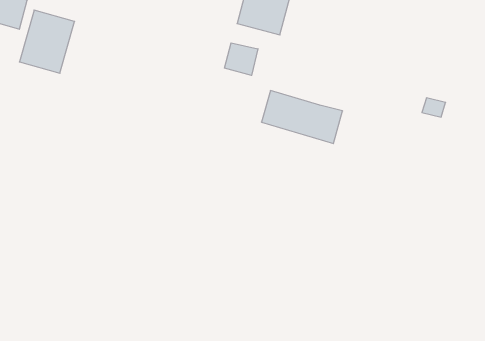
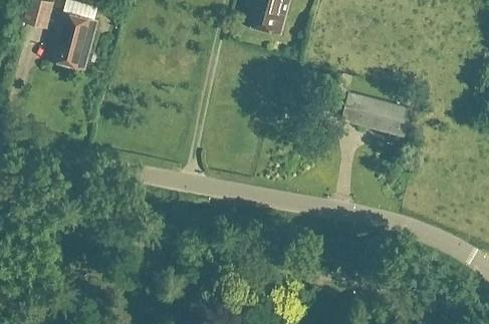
building: [224,43,258,75] -> none
building: [261,91,343,144] -> [340,90,413,137]

